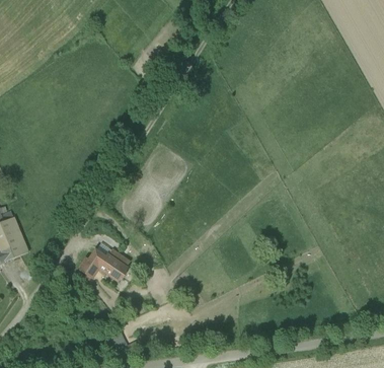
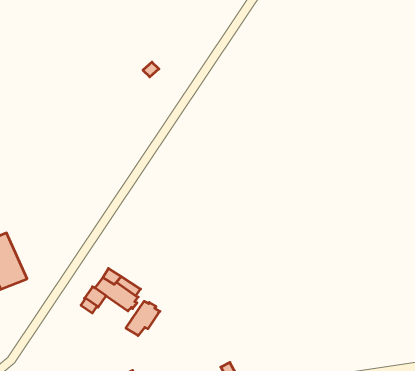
building: none -> [126,301,160,336]

